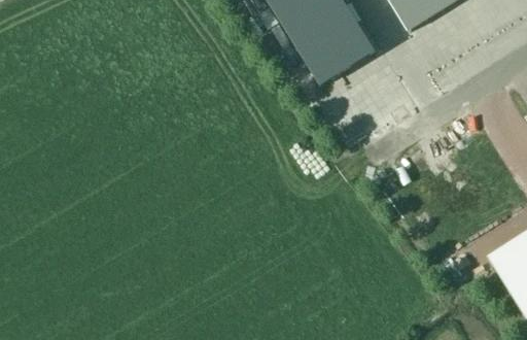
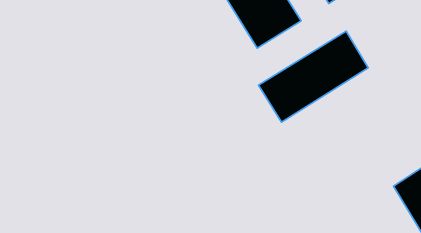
building: none -> [259,31,368,122]

